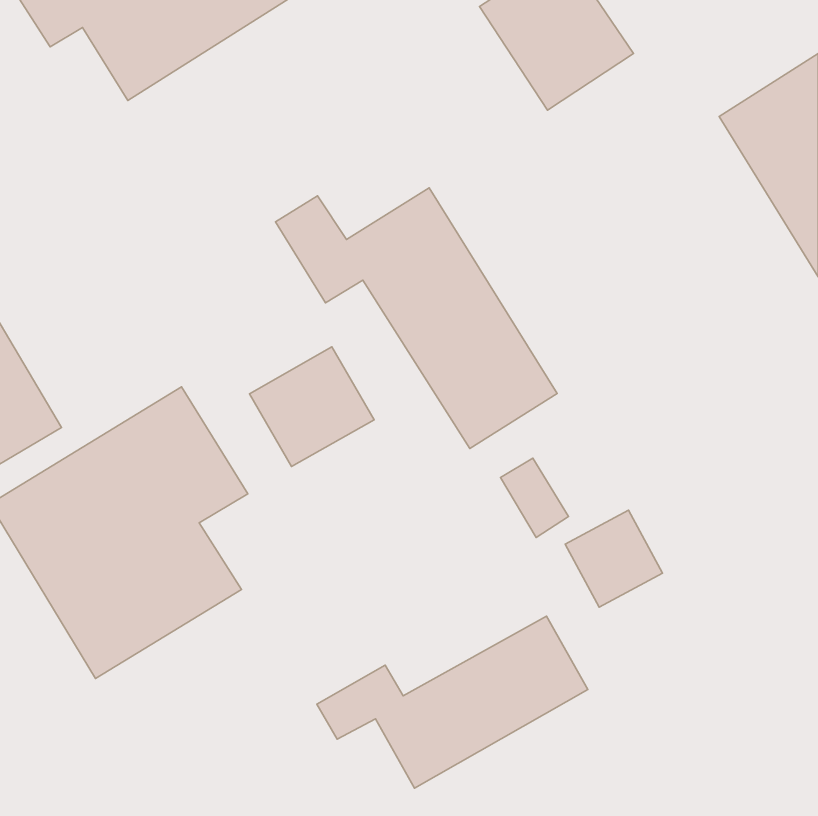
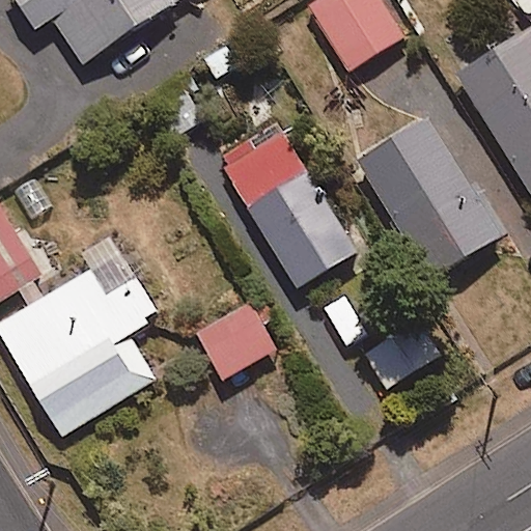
building: none -> [355,118,503,283]
building: [249,347,374,467] -> [195,302,275,379]
building: [317,616,588,788] -> none

